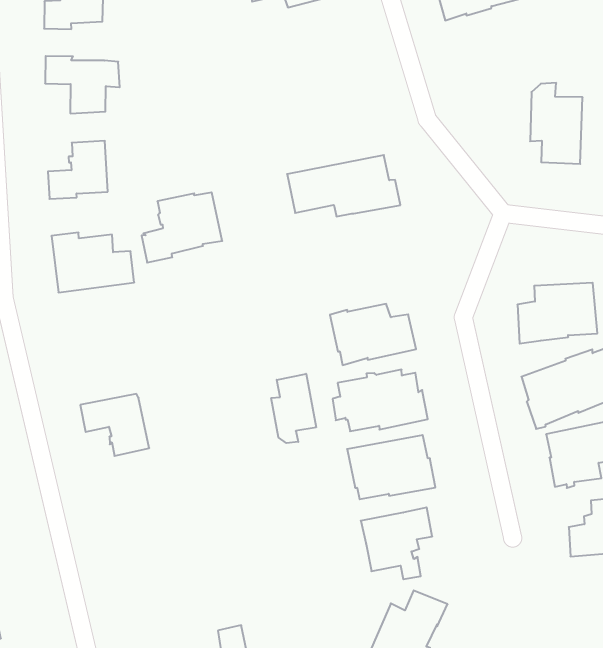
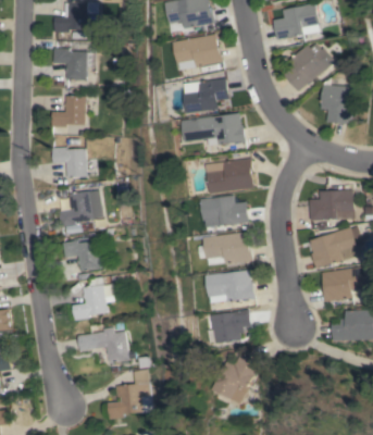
building: none -> [174,34,223,71]
building: none -> [283,44,333,91]
building: none -> [184,78,229,114]
building: [142,192,222,263] -> [58,190,102,227]
building: none -> [208,159,254,195]
building: [271,374,316,443] -> none
building: none -> [72,277,113,321]
building: none -> [77,327,135,363]

